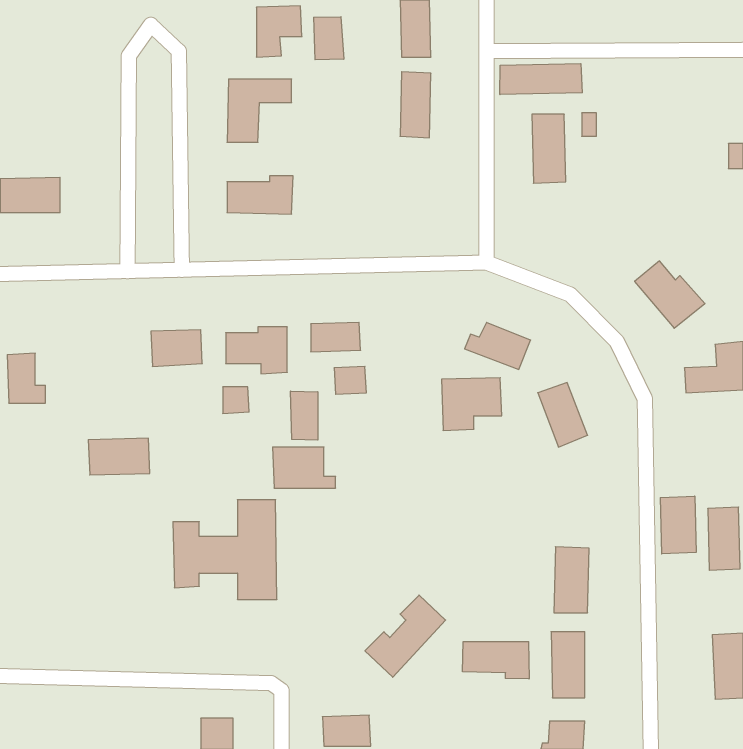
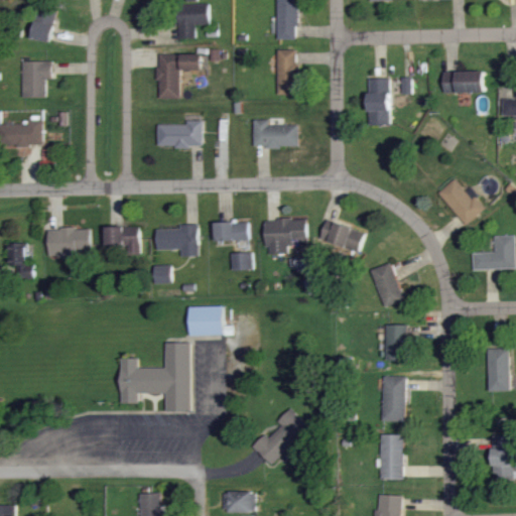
building: none -> [31,7,54,42]
building: [314,17,344,60] -> none
building: [500,64,582,95] -> none
building: none -> [20,61,50,98]
building: none -> [442,71,484,93]
building: none -> [252,120,297,148]
building: [442,378,502,430] -> [264,219,305,255]
building: [291,391,318,440] -> none
building: [88,438,150,475] -> [46,229,89,254]
building: none -> [384,326,408,362]
building: [660,496,696,554] -> none
building: [463,642,529,679] -> none

